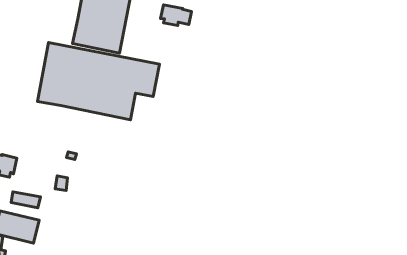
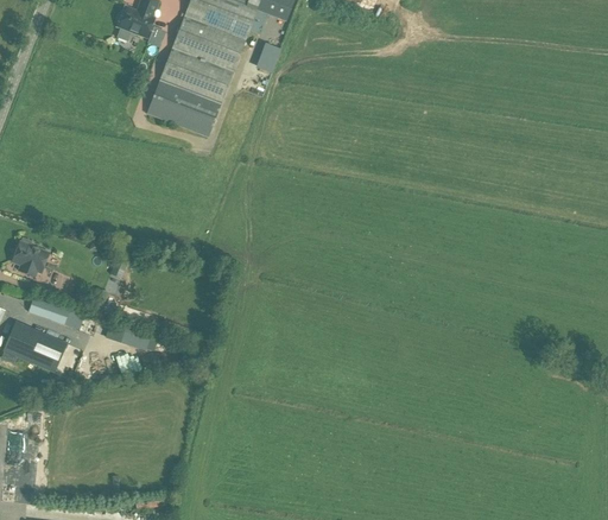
building: [160,5,191,26] -> none
building: [38,43,159,120] -> none

